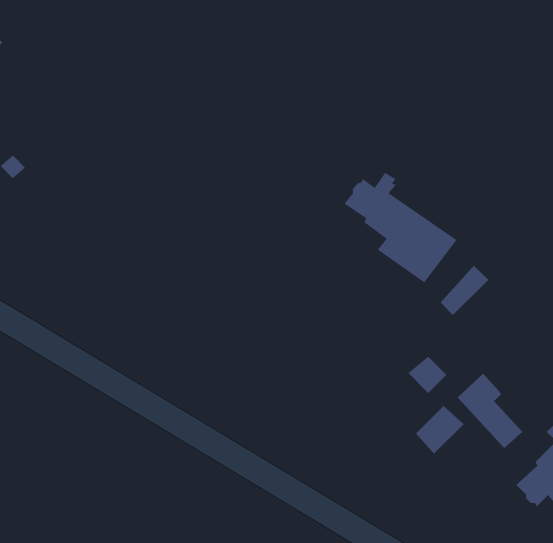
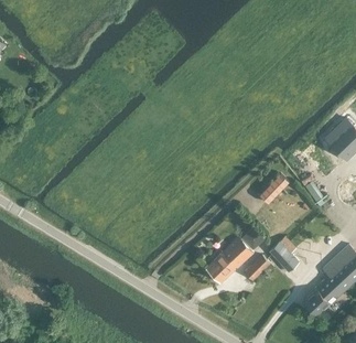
building: [343,172,458,283] -> none
building: none -> [203,238,251,285]

